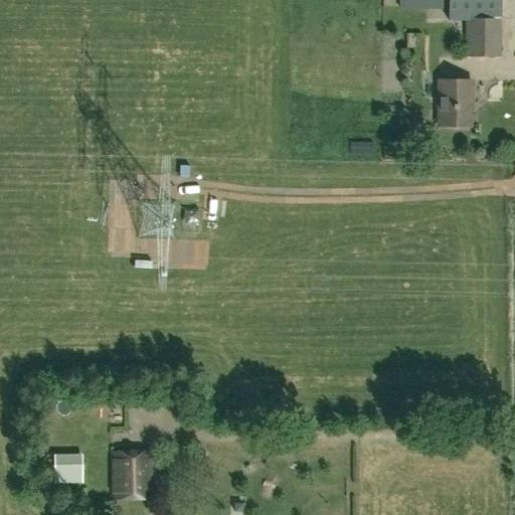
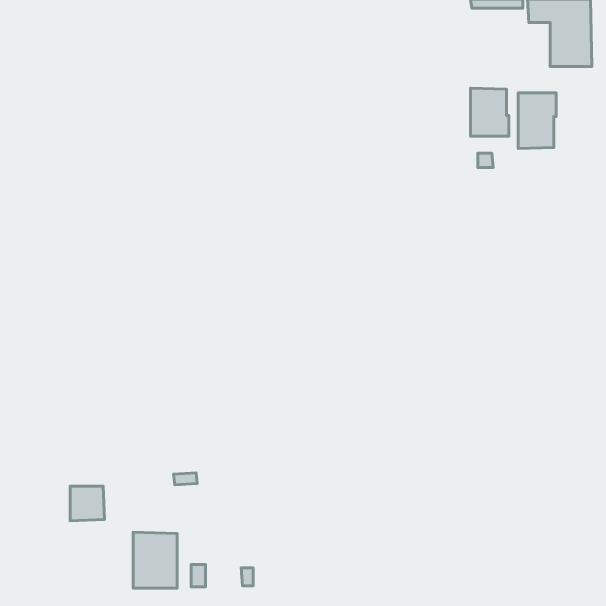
building: none -> [471,88,509,136]
building: [54,454,83,483] -> [70,486,104,521]

